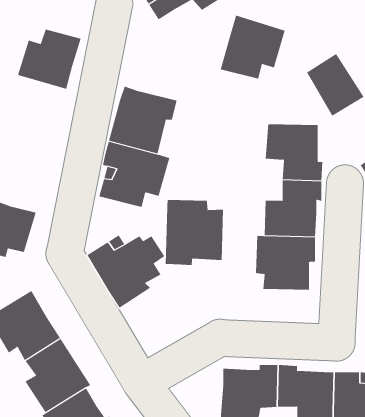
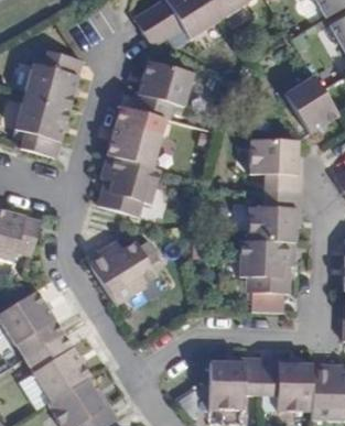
building: [220,15,285,79] -> [133,61,193,119]
building: none -> [12,96,68,157]
building: [165,199,224,266] -> none

